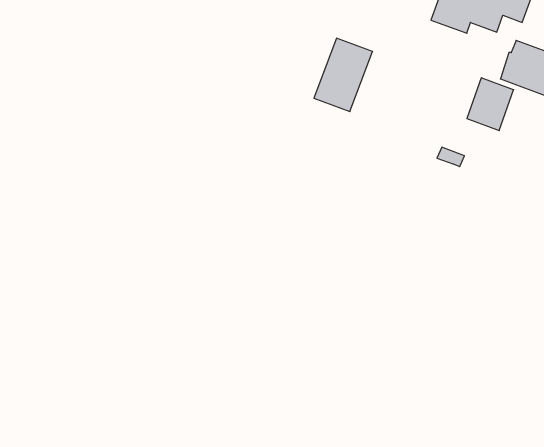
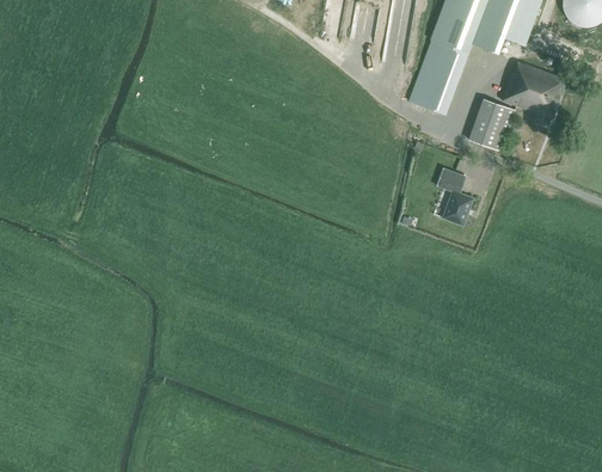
building: [314,38,373,112] -> [408,41,467,114]
building: none -> [441,190,472,225]

